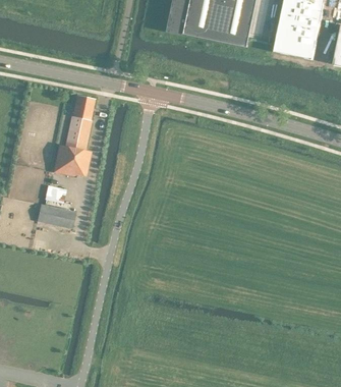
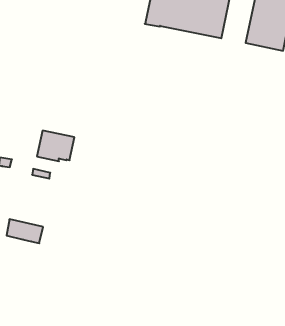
building: [64,94,94,149] -> none
building: [36,203,74,228] -> [7,219,43,243]

